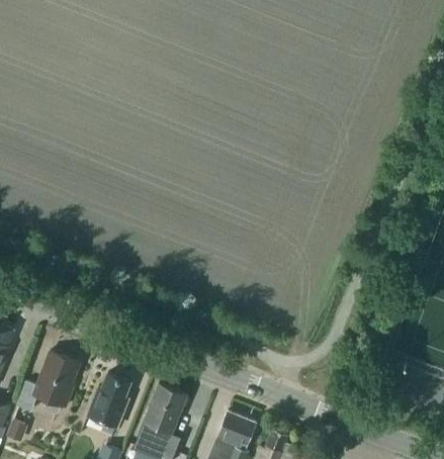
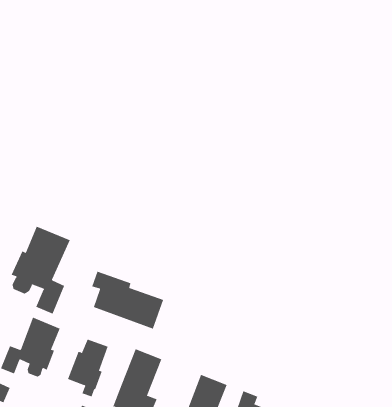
building: none -> [11,226,70,315]
building: none -> [92,271,164,330]

